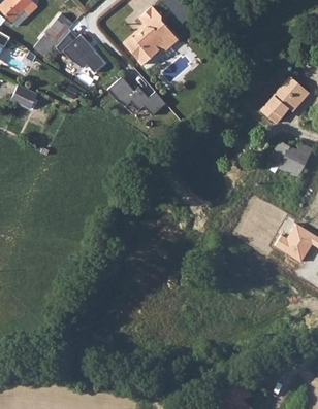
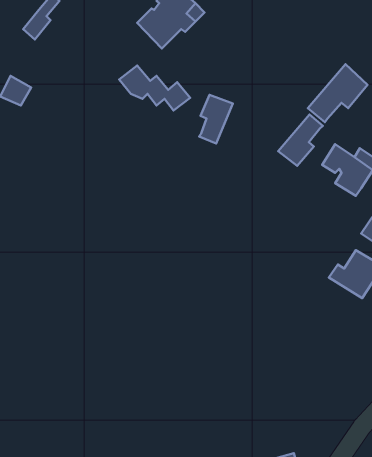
building: [54,33,103,72] -> none
building: none -> [199,95,233,144]
building: none -> [278,114,323,166]

